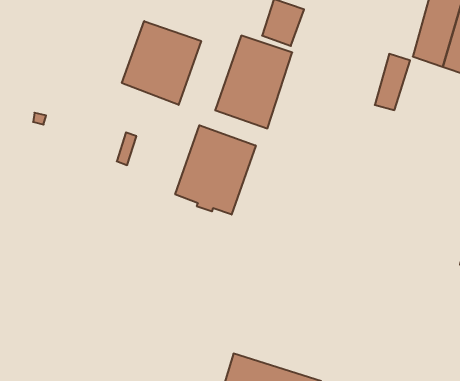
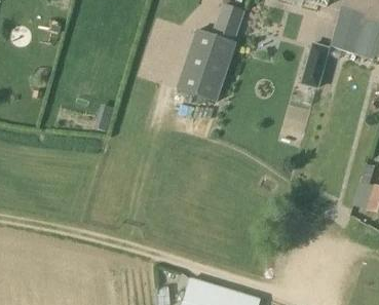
building: [122,21,201,105] -> none
building: [175,125,256,215] -> none

